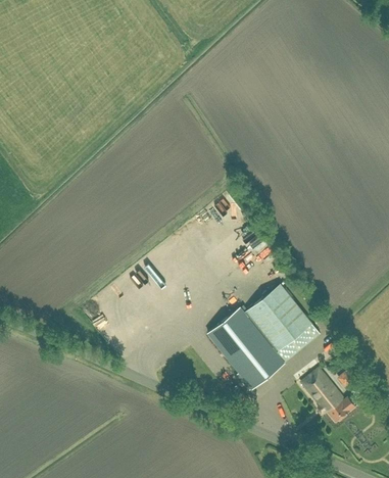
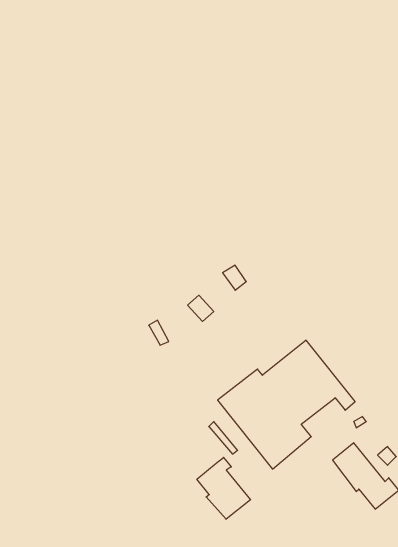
building: none -> [197,457,251,519]

